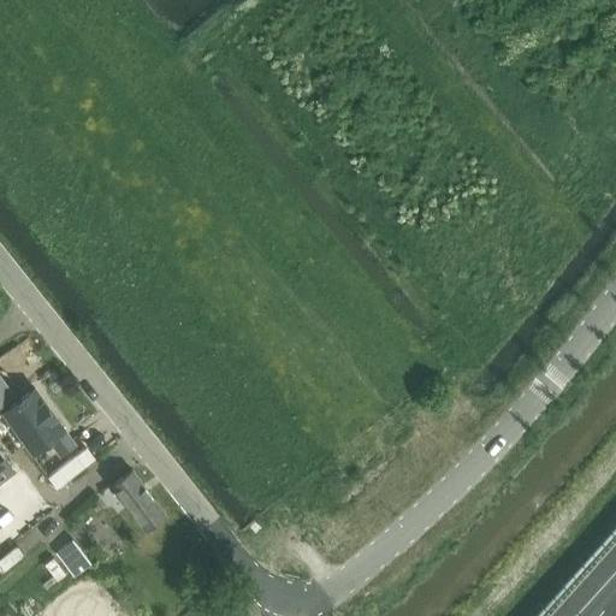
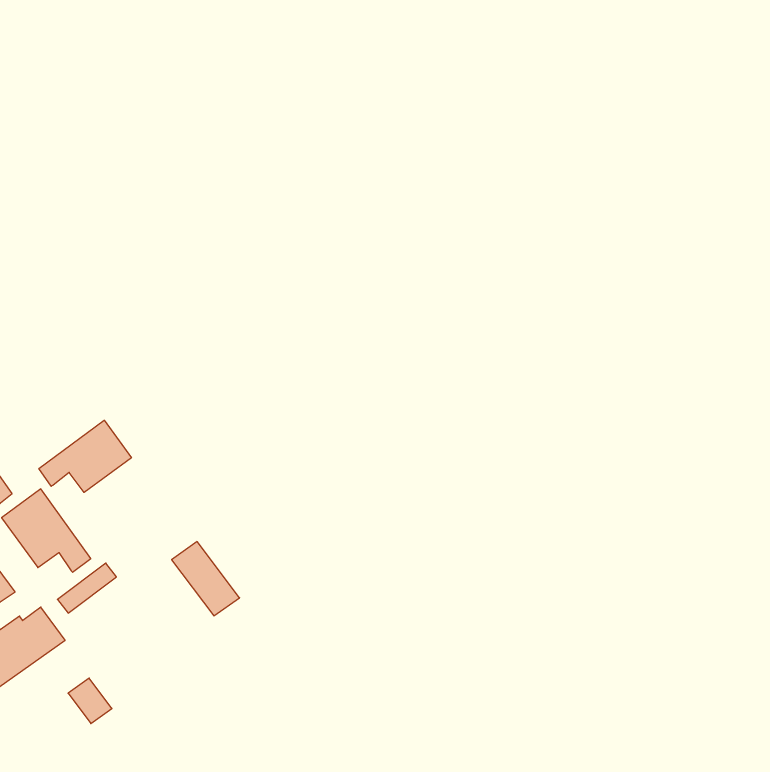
building: none -> [39,420,131,492]
building: [109,472,164,531] -> [172,542,240,616]

